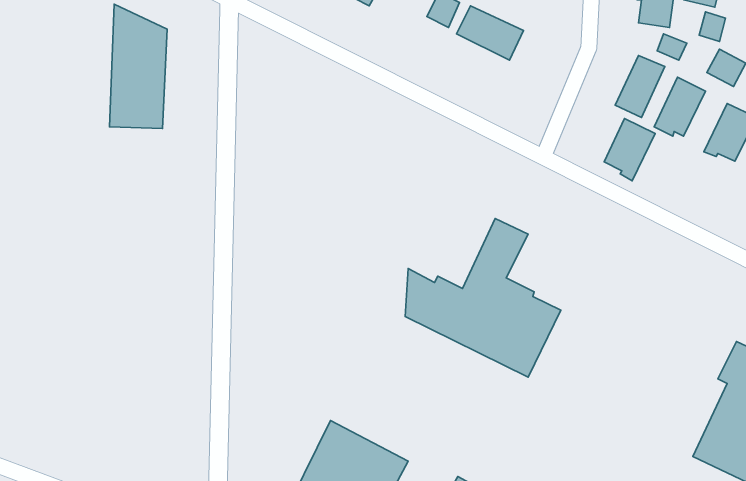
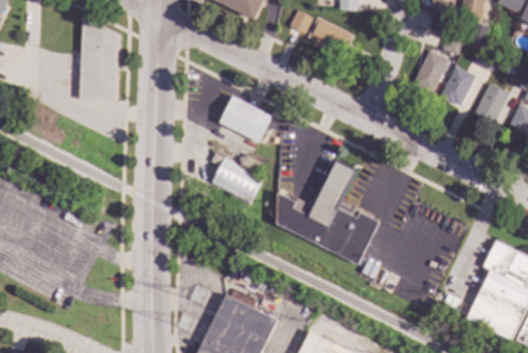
building: [604,119,655,181] -> none
building: none -> [219,95,271,141]
building: none -> [209,153,262,204]

